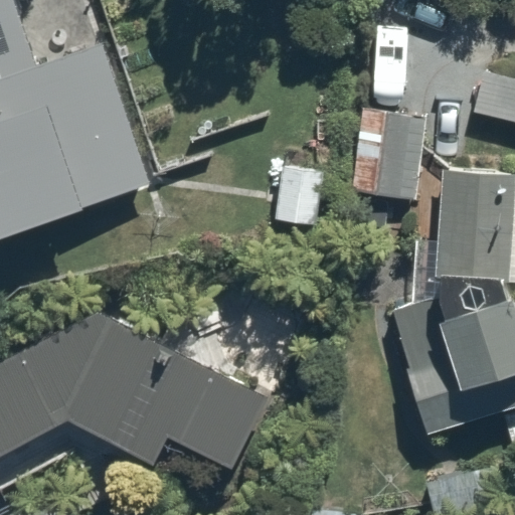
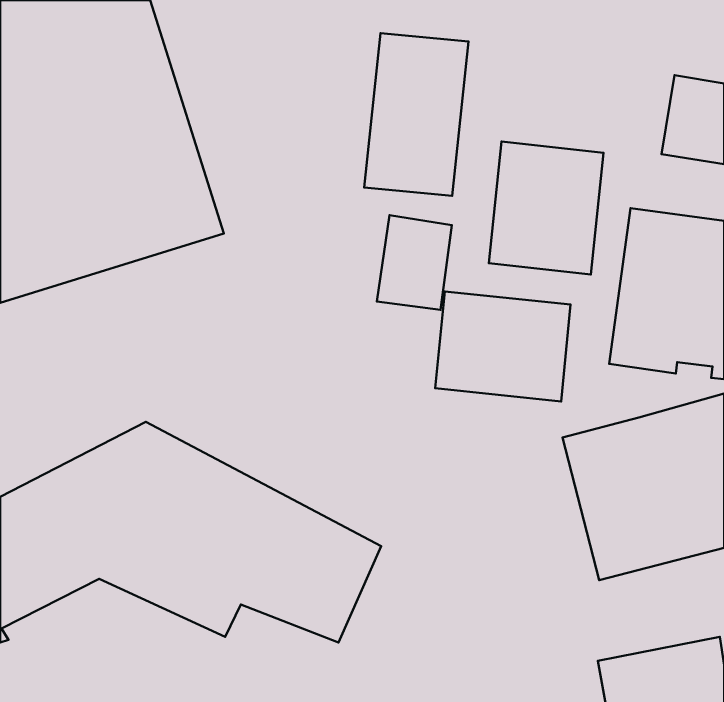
building: none -> [364,33,469,196]
building: none -> [435,291,571,401]

